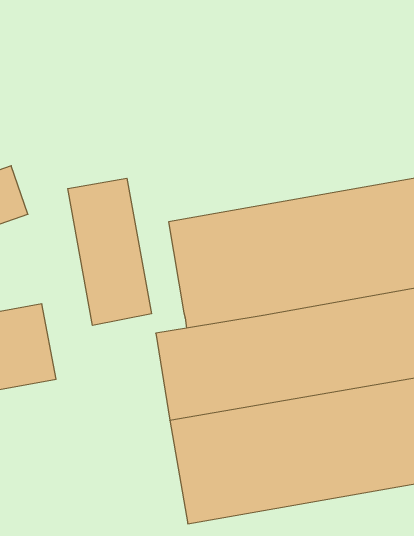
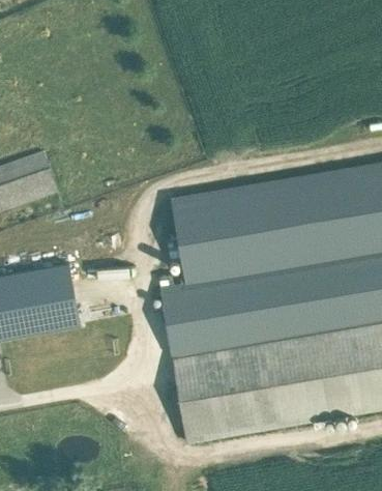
building: [68,178,151,325] -> none

